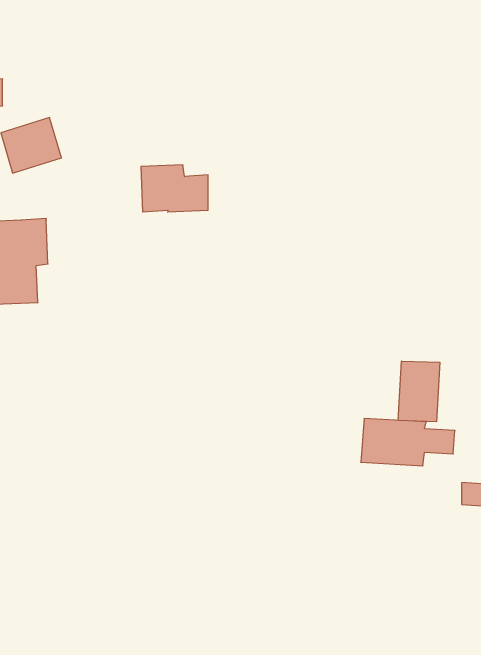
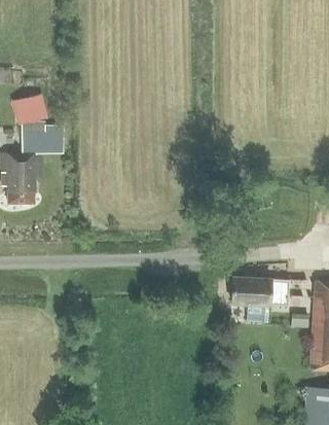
building: [141,165,208,212] -> [23,125,64,153]
building: [398,361,440,422] -> none

